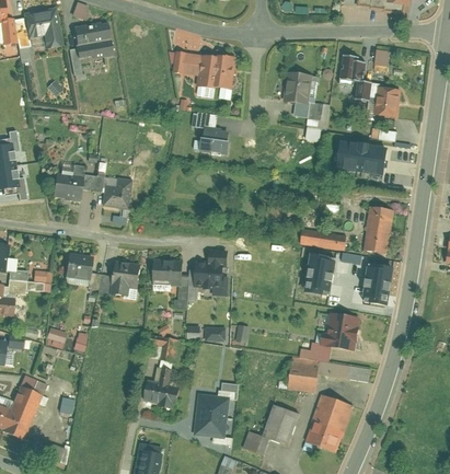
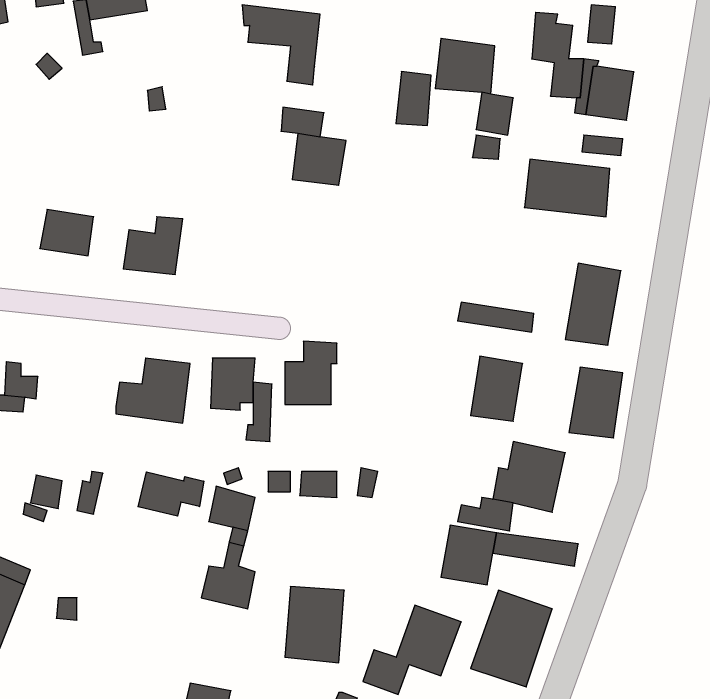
building: [212,56,233,88] -> [396,72,431,125]
building: [64,251,97,287] -> none
building: none -> [138,472,204,516]

